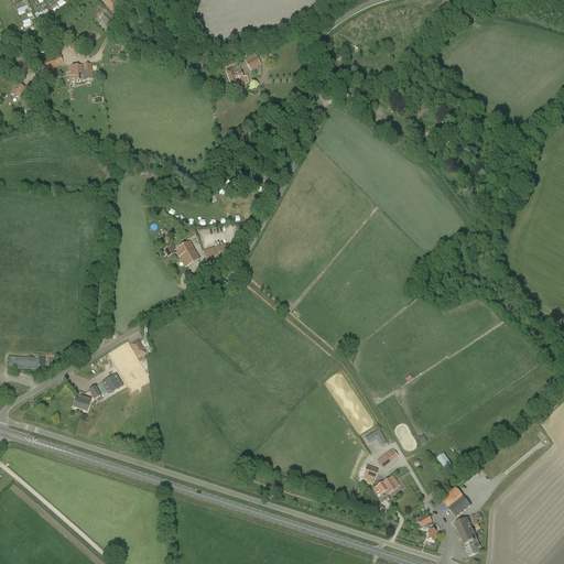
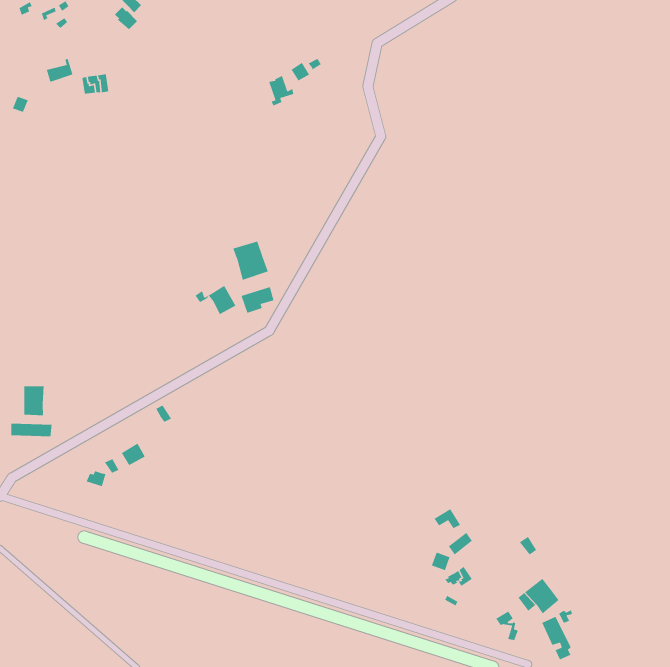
building: none -> [232,241,269,281]
building: none -> [23,386,45,416]

